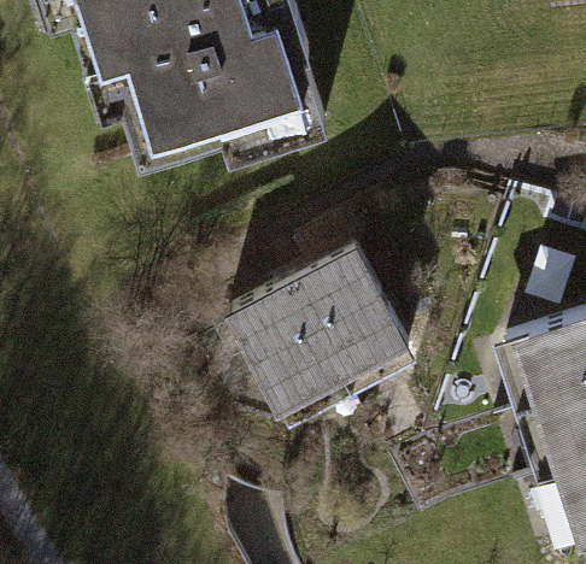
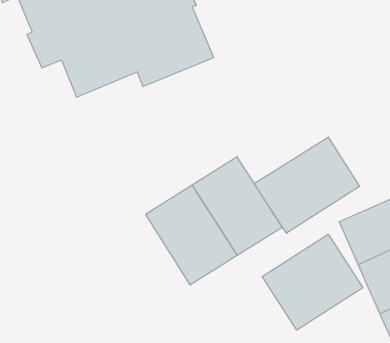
building: none -> [254,137,360,233]
building: none -> [262,234,363,330]

